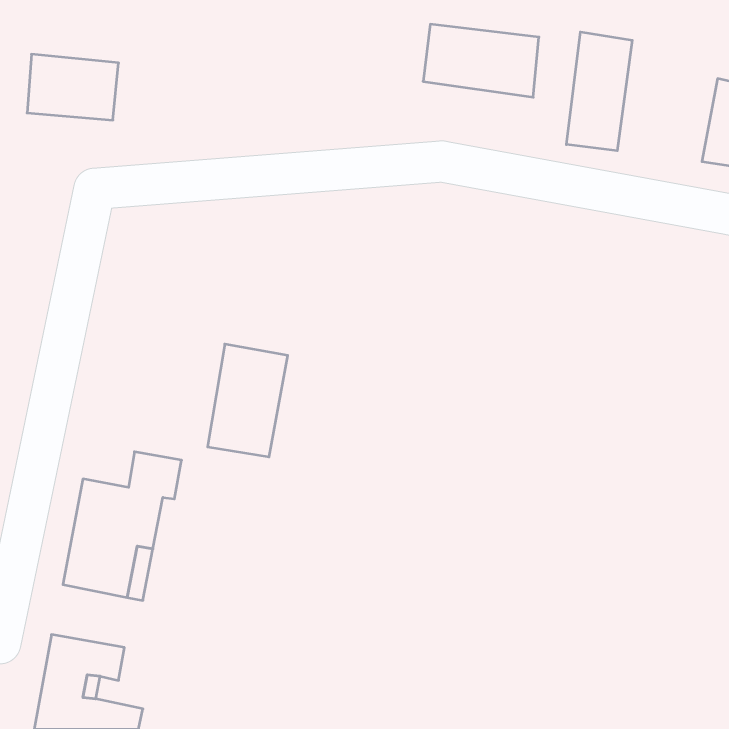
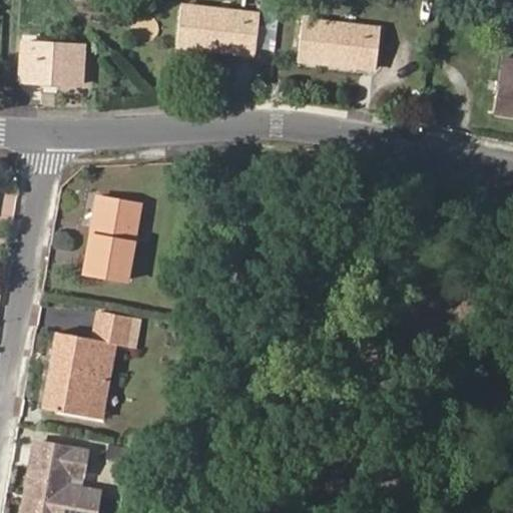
building: none -> [177,4,260,51]
building: [566,32,632,151] -> none
building: [208,344,288,457] -> [86,202,142,282]

